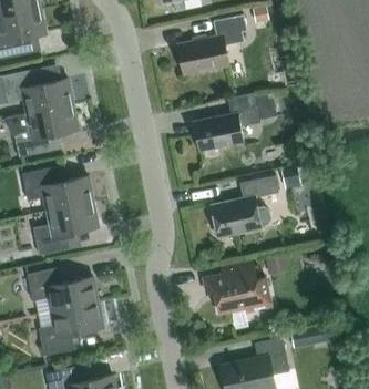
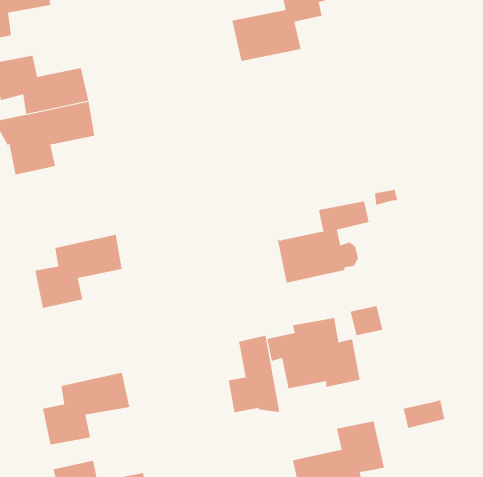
building: [193,93,277,153] -> none
building: [22,168,93,212] -> none
building: [28,268,98,313] -> none
building: none -> [228,335,280,413]

